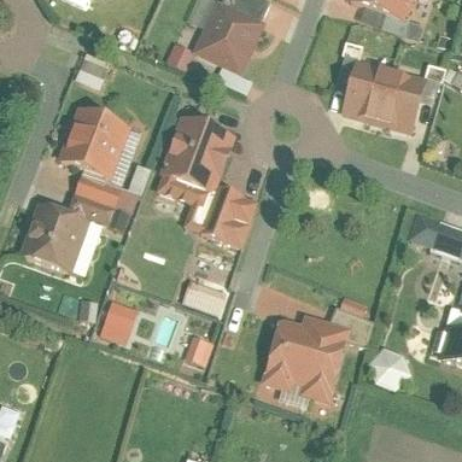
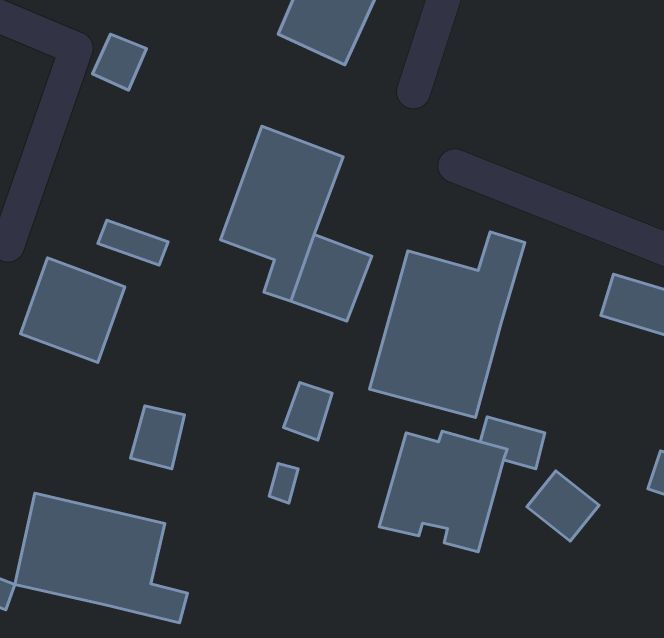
building: [344,60,429,138] -> none
building: [58,107,129,180] -> none
building: none -> [369,232,525,417]
building: [66,192,115,226] -> none
building: none -> [15,493,187,623]

